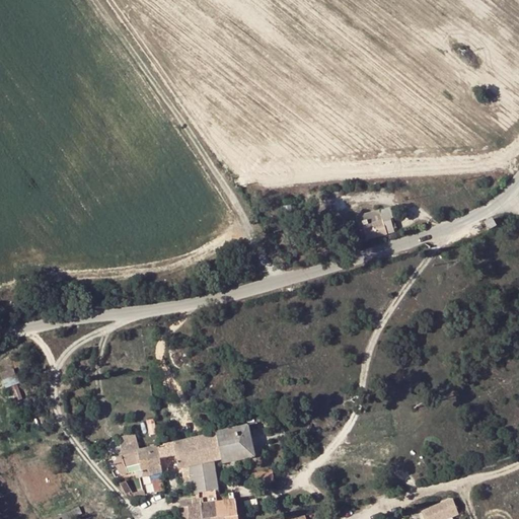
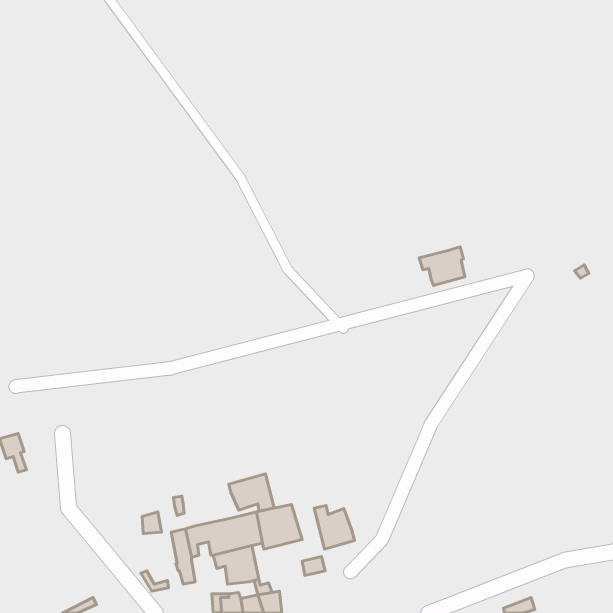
building: none -> [229,474,274,511]
building: none -> [314,505,355,549]
building: [114,448,151,476] -> none

